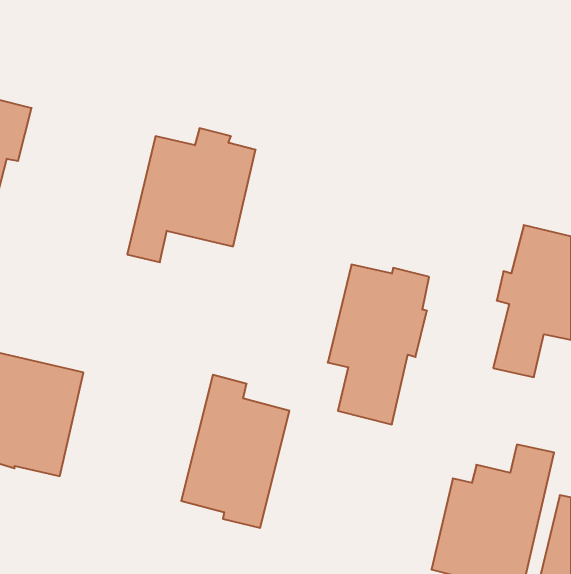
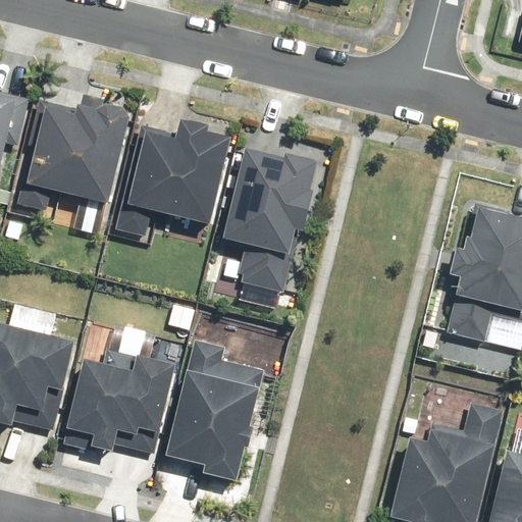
building: none -> [13,93,132,225]
building: [328,265,429,424] -> [225,149,317,294]
building: none -> [68,350,175,451]

